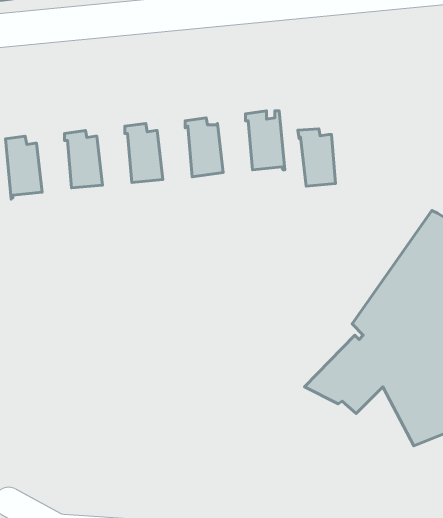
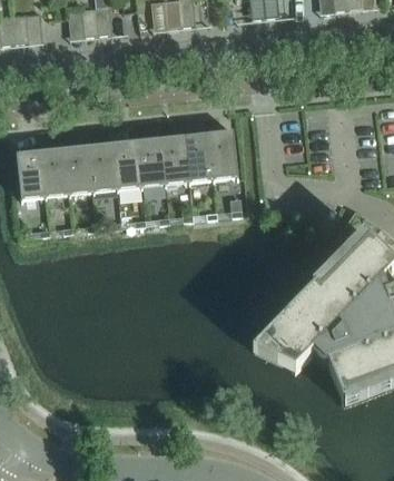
building: none -> [135,138,165,185]
building: none -> [87,144,117,189]
building: [298,129,336,186] -> [183,134,213,179]
building: none -> [39,148,69,195]

